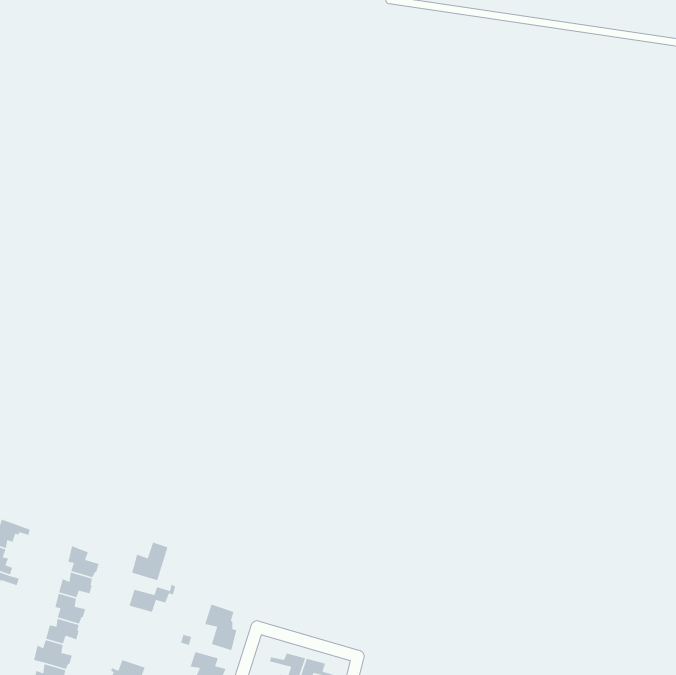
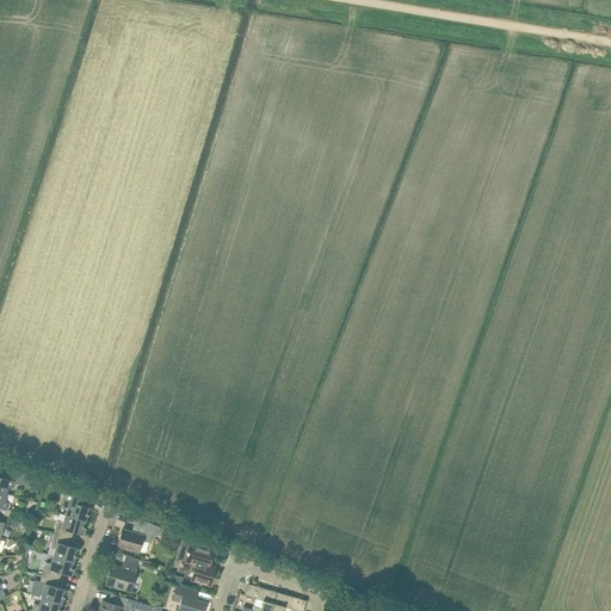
building: [131,541,168,581] -> [105,557,138,593]

